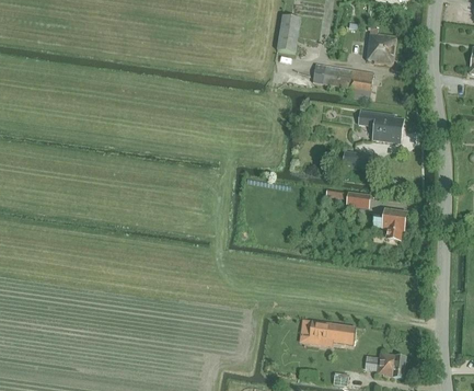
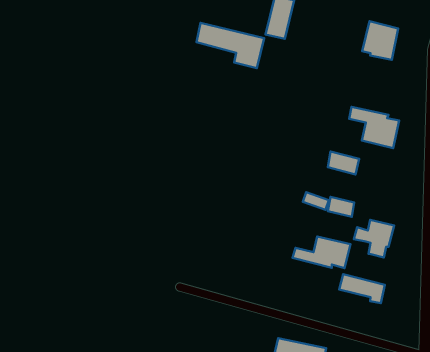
building: [312,62,372,99] -> [197,23,264,68]
building: none -> [293,237,350,268]
building: none -> [339,274,385,303]

